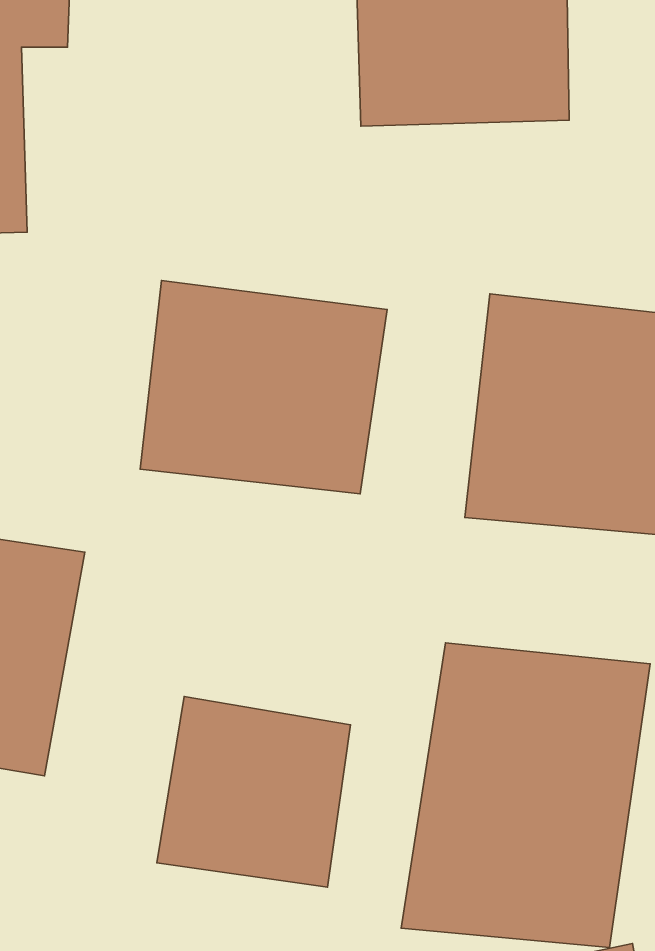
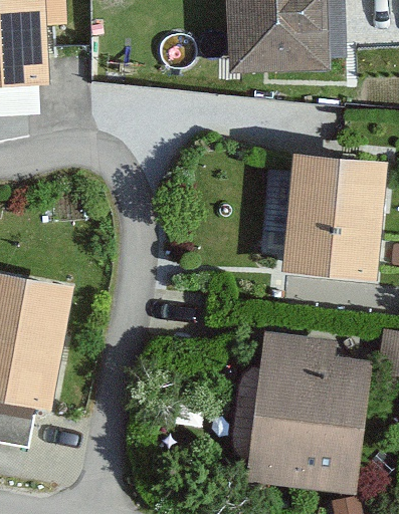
building: [140,280,387,494] -> none
building: [157,696,351,887] -> none

